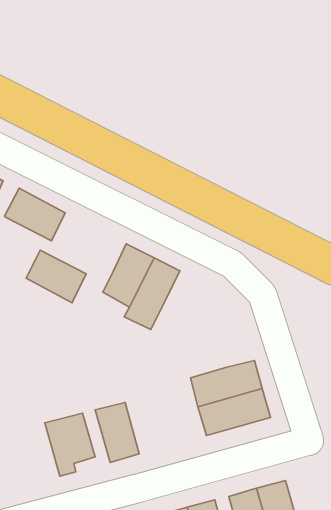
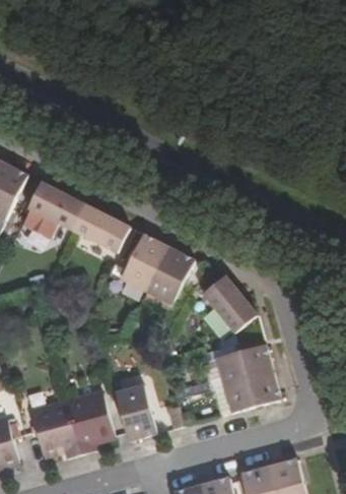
building: [26,250,86,303] -> [72,203,129,253]
building: none -> [202,274,257,333]
building: none -> [30,403,80,457]

